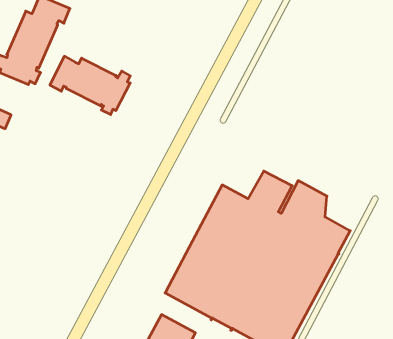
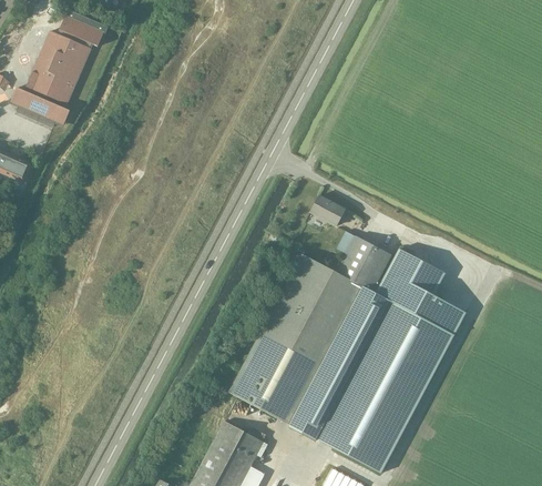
building: [50,56,130,115] -> none
building: none -> [309,194,345,225]

